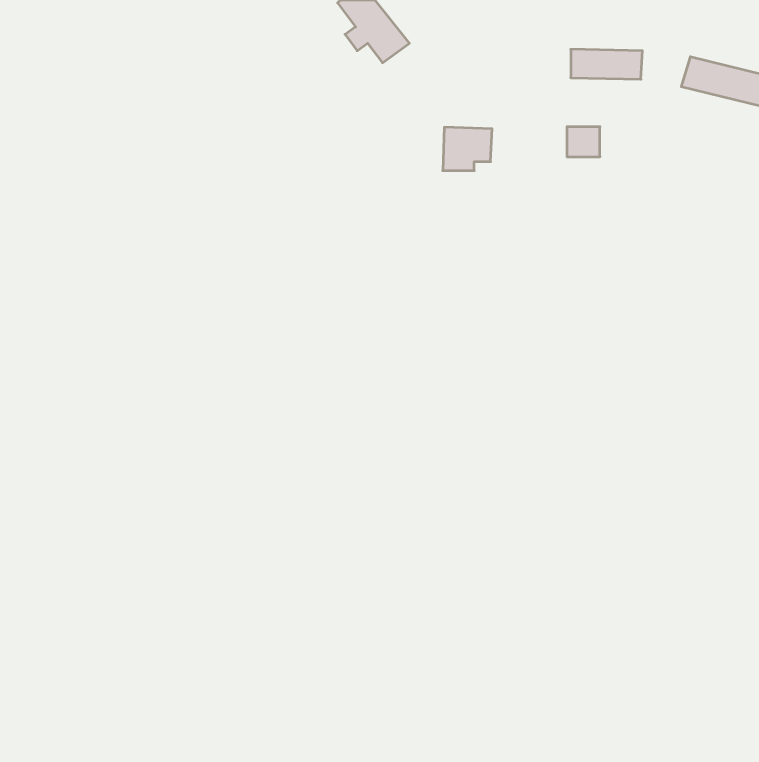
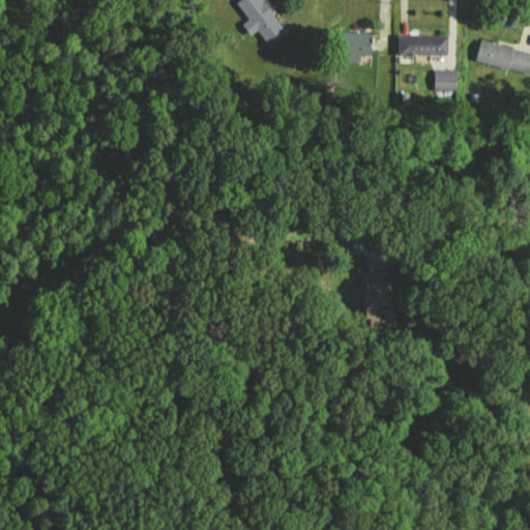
building: [567,127,600,157] -> [435,70,458,91]
building: [443,127,492,171] -> [338,32,373,62]

